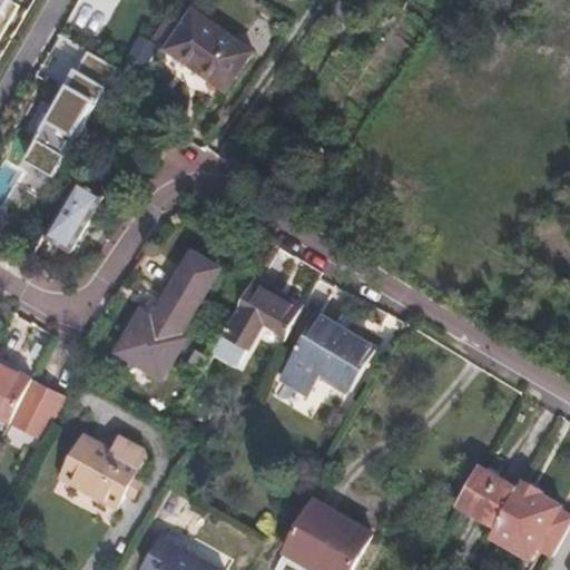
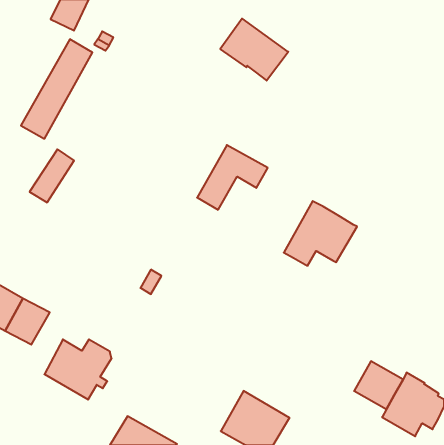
building: [161,9,248,88] -> [220,19,288,81]
building: [115,254,215,381] -> none
building: [210,281,301,363] -> [197,145,268,210]
building: [281,317,374,400] -> [284,201,357,266]

